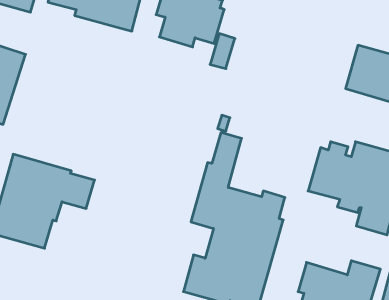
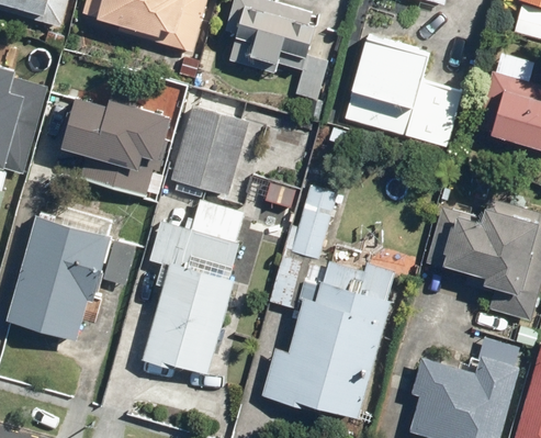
building: none -> [343,34,461,145]
building: none -> [61,97,171,199]
building: none -> [169,105,248,195]
building: none -> [142,201,243,374]

